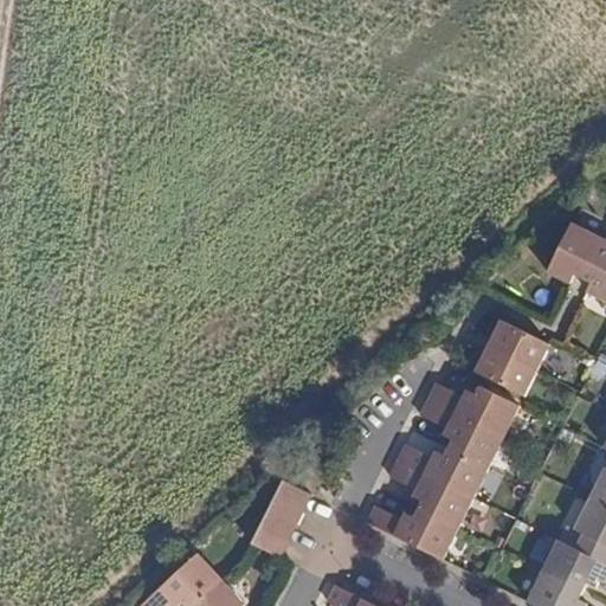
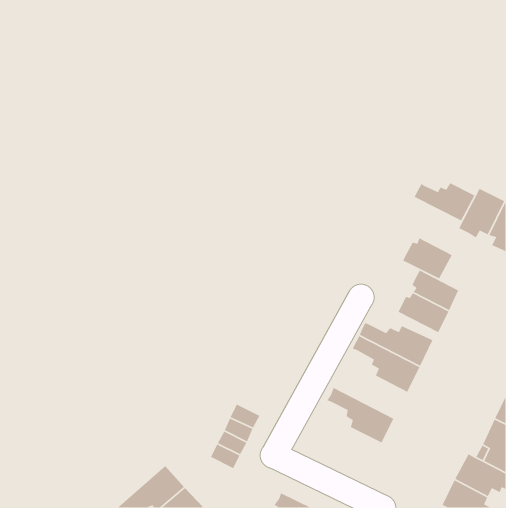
building: none -> [414,182,475,222]
building: none -> [402,237,453,279]
building: [397,445,485,498] -> none
building: [366,507,454,559] -> none

